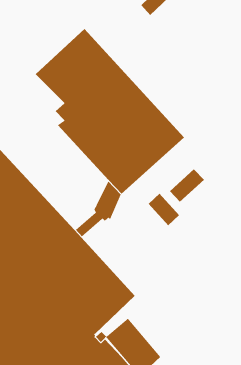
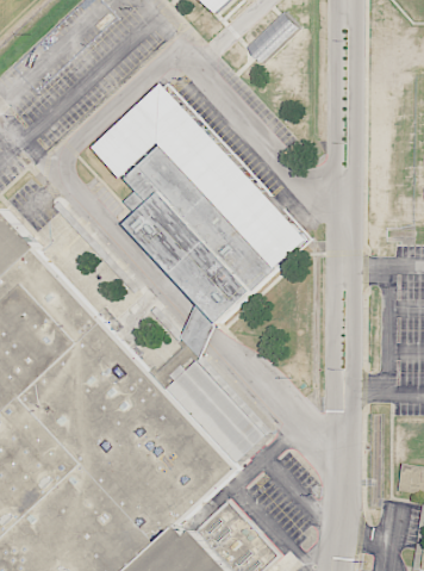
building: [169,169,205,202] -> none
building: [148,193,180,226] -> none

